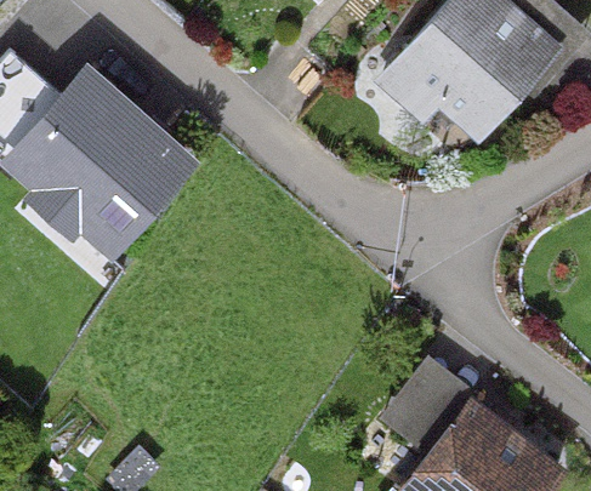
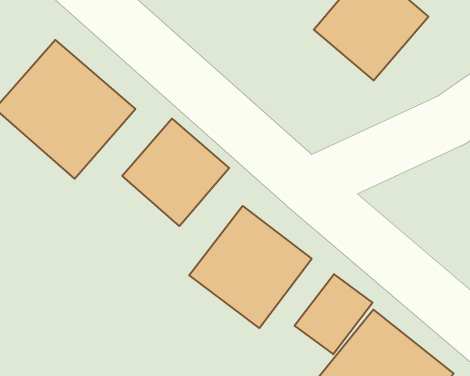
building: none -> [122,119,229,226]
building: none -> [189,206,312,328]

